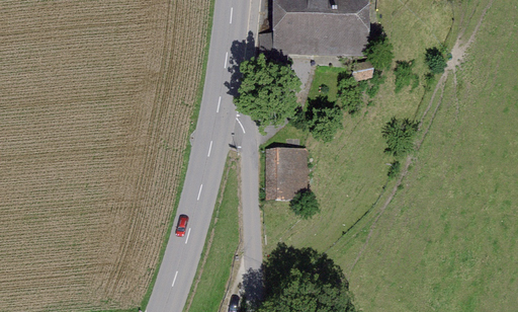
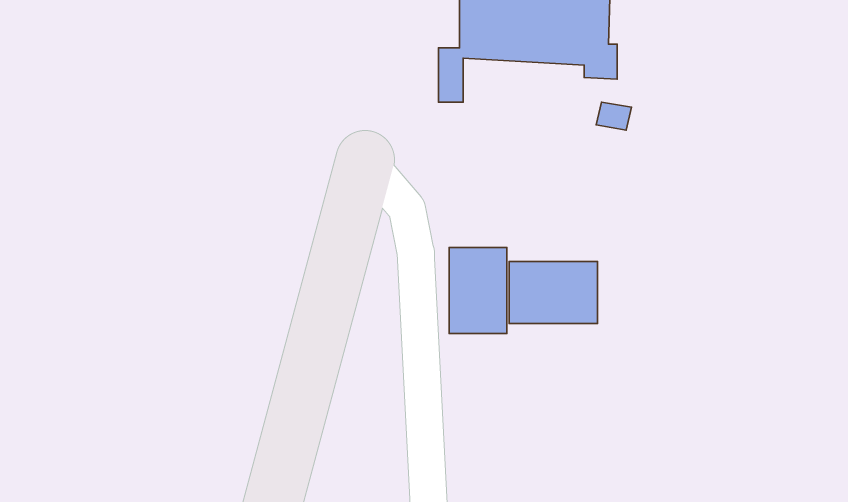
building: none -> [509,262,598,324]

